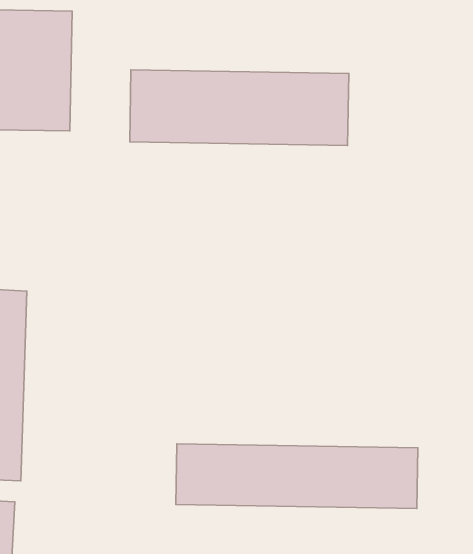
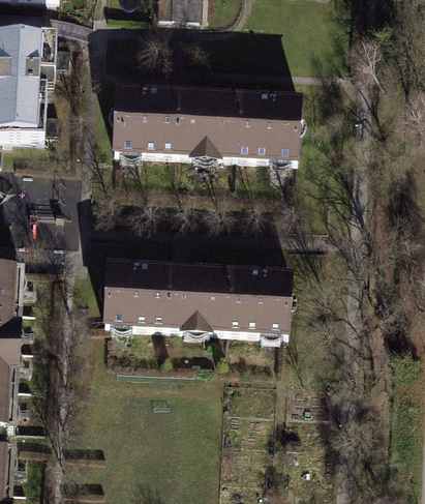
building: none -> [102,266,287,330]
building: [176,444,418,509] -> none

